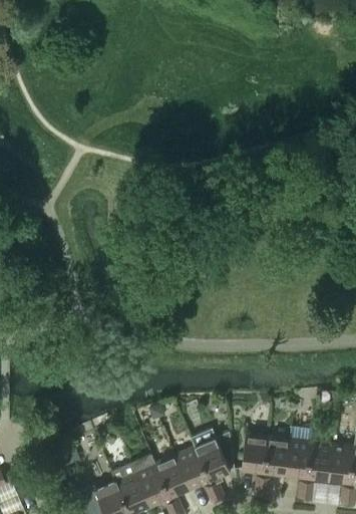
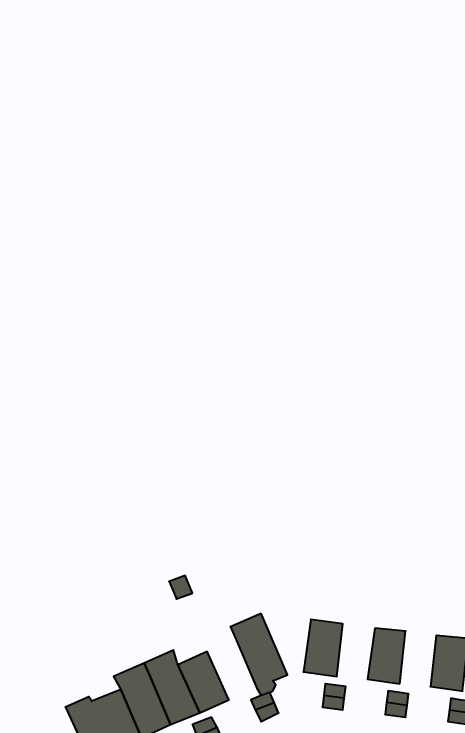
building: [265,437,291,475] -> none
building: [308,442,333,480] -> none
building: [175,448,210,489] -> none

